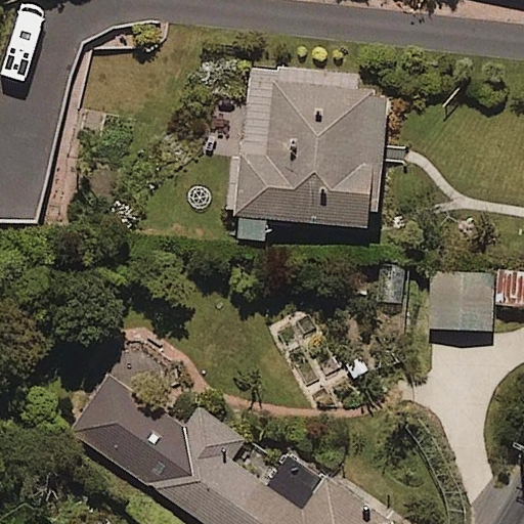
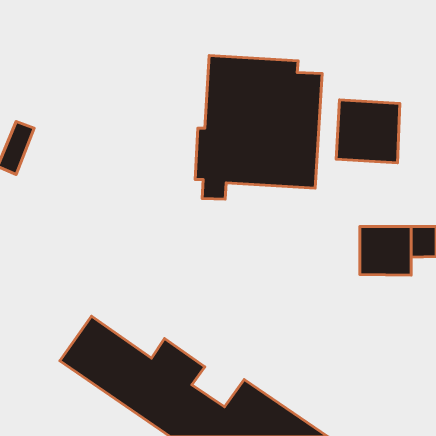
building: none -> [336,100,400,163]

